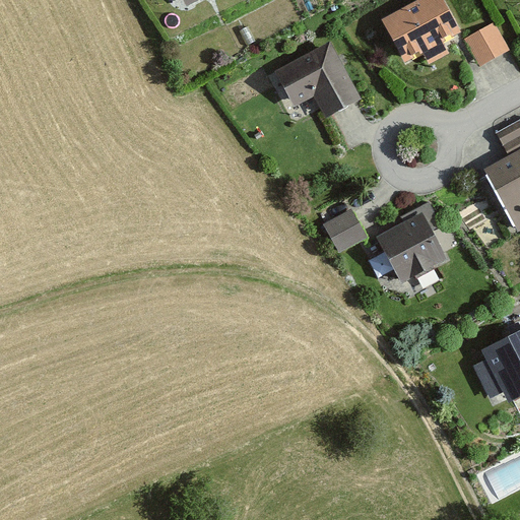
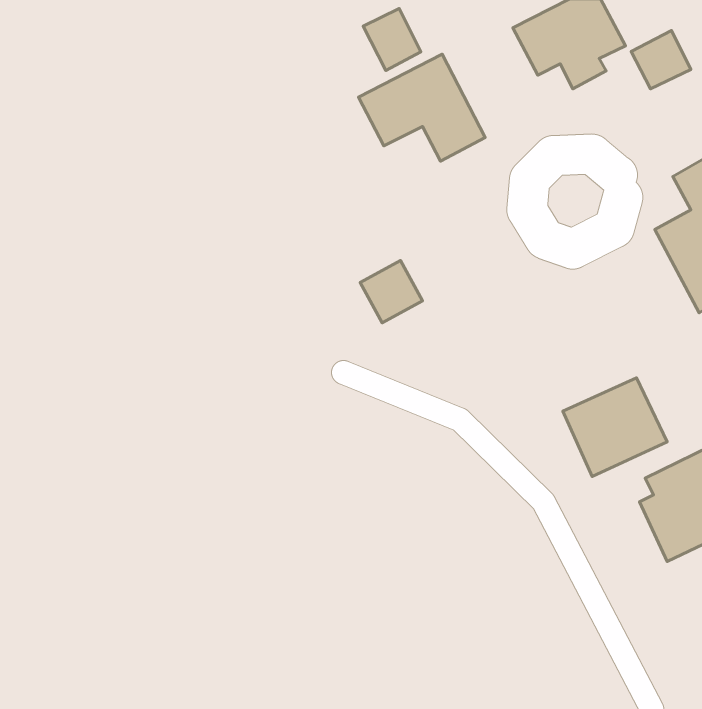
building: none -> [363,8,421,71]
building: [321,208,367,254] -> [360,260,423,323]
building: [371,213,447,285] -> [563,378,667,477]

